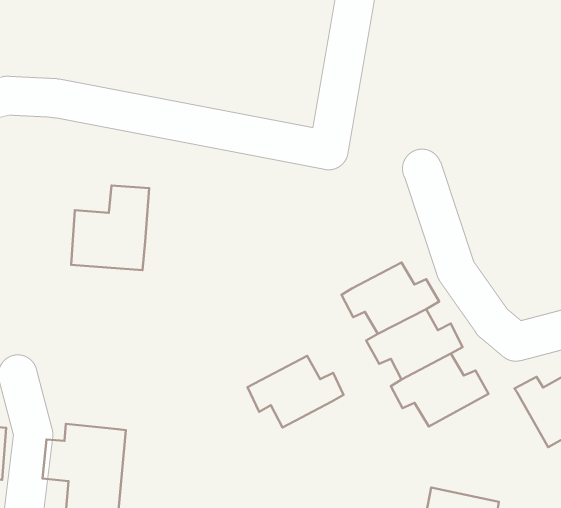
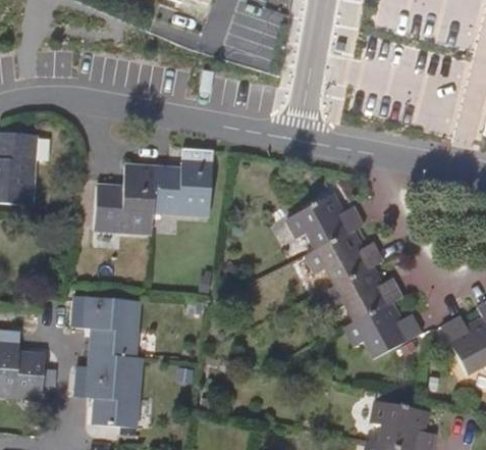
building: none -> [153,149,213,214]
building: none -> [71,296,138,357]
building: [247,356,344,427] -> [287,191,363,247]

